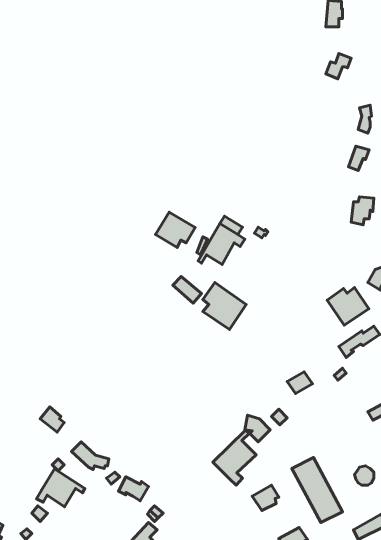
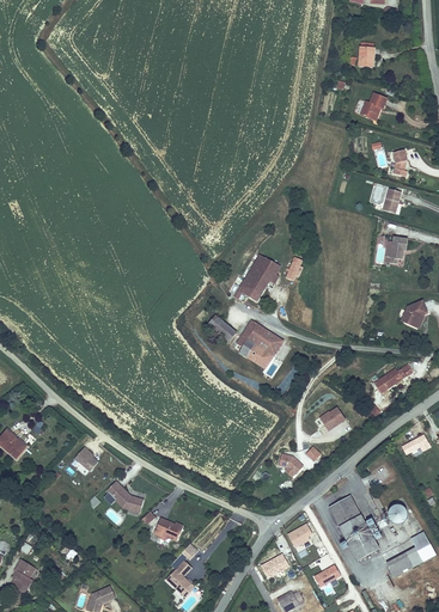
building: [156,212,195,247] -> none
building: [327,288,369,325] -> none
building: [213,430,256,485] -> none
building: [37,469,85,507] -> none

